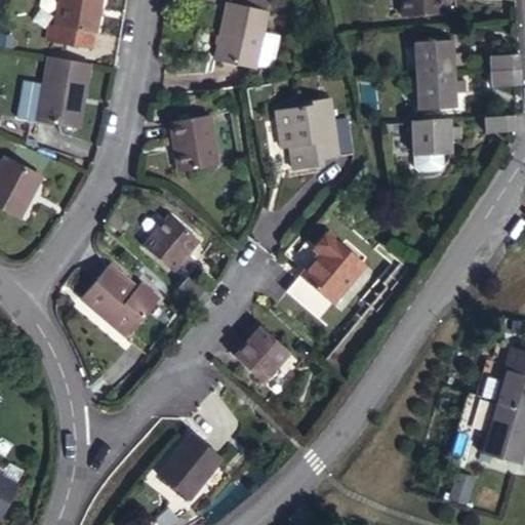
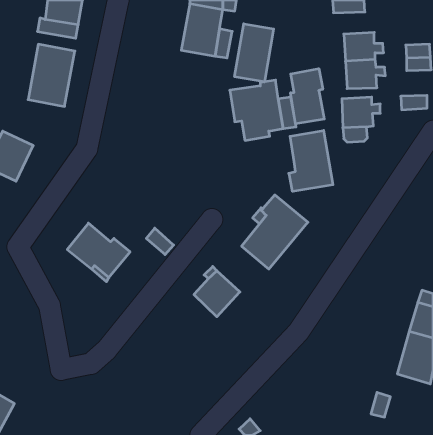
building: none -> [235,24,274,82]
building: none -> [291,69,324,124]
building: [170,117,218,172] -> none
building: none -> [289,130,333,191]
building: [143,213,198,271] -> none
building: [154,432,218,497] -> none

